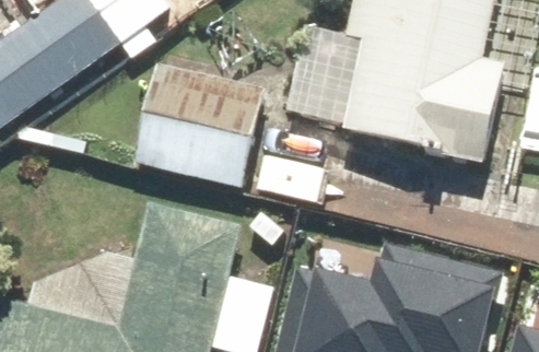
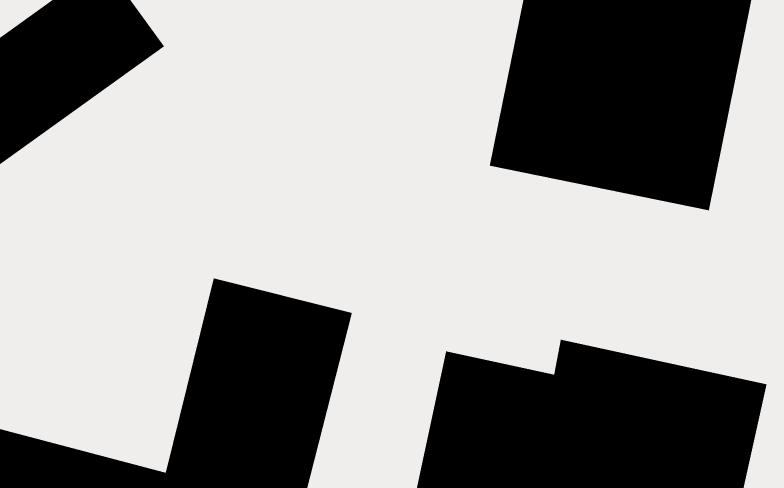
building: [137,68,260,190] -> none

